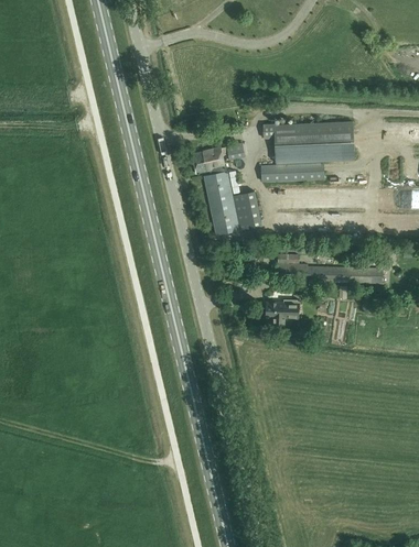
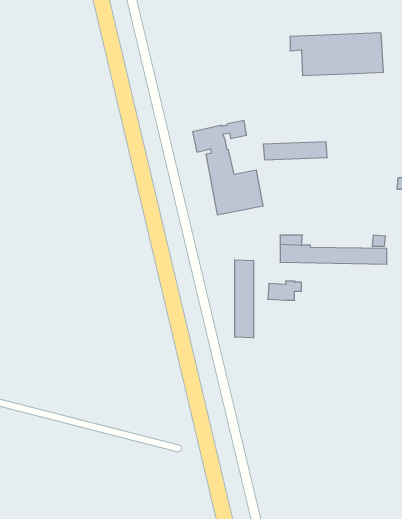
building: [262,121,354,163] -> [290,33,383,76]
building: none -> [235,260,254,338]

